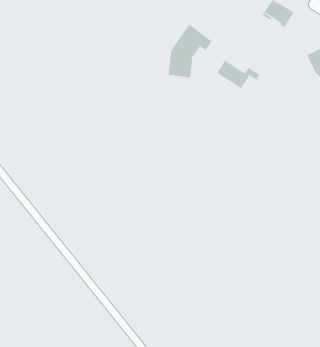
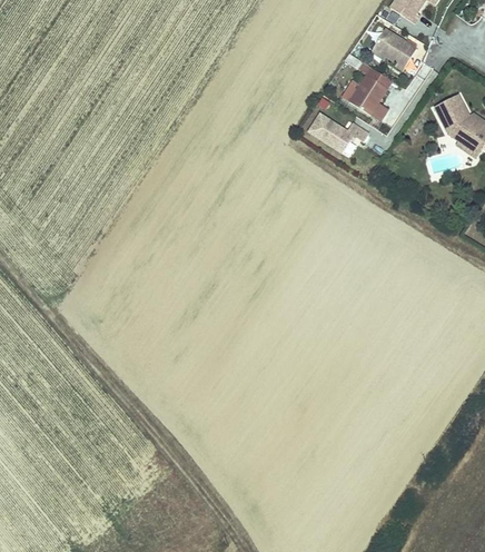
building: [168,24,212,78] -> none
building: none -> [350,67,394,114]

